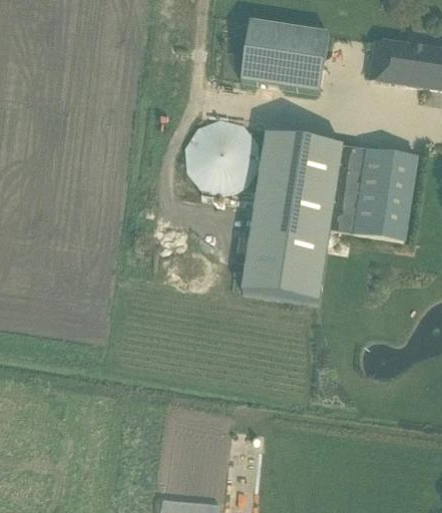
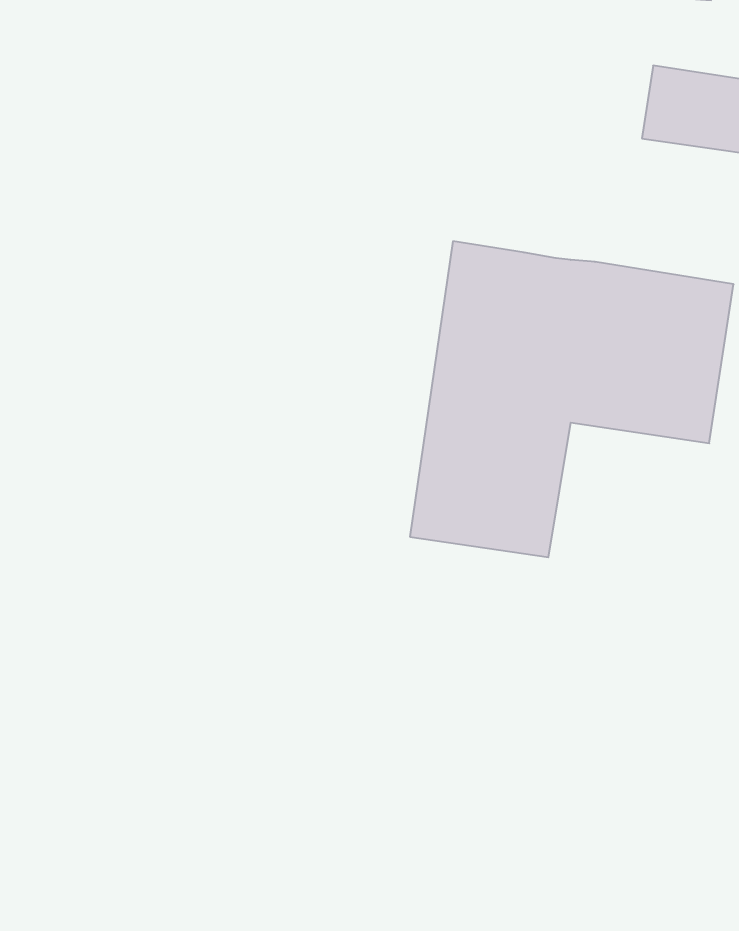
building: [233,19,321,90] -> none
building: [190,118,259,192] -> none

